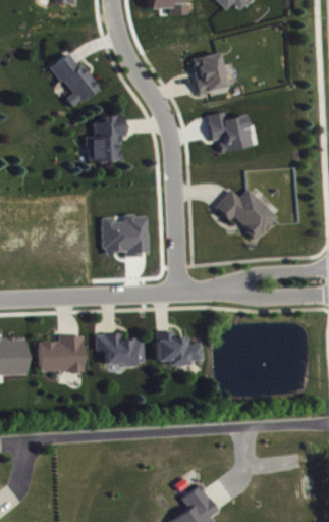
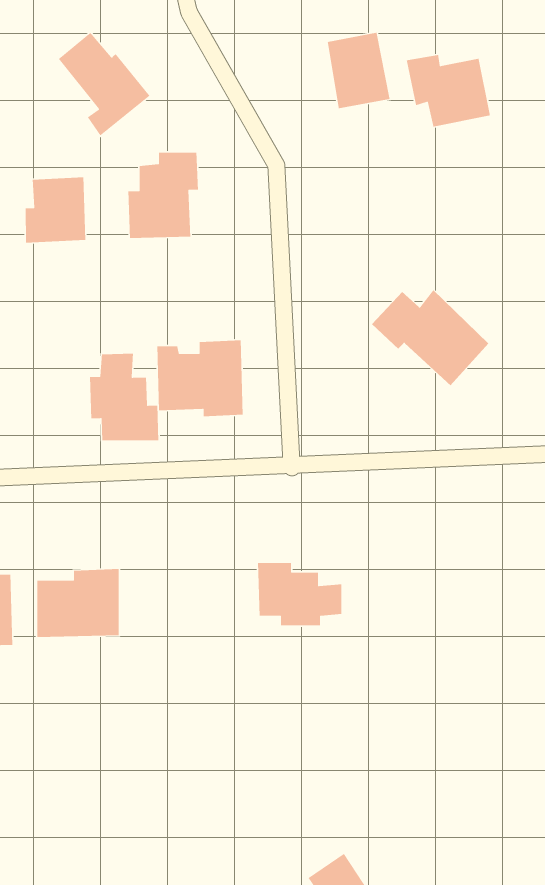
building: [207,112,252,151] -> [406,54,491,128]
building: none -> [25,176,86,244]
building: none -> [89,353,159,441]
building: [95,333,144,364] -> none

